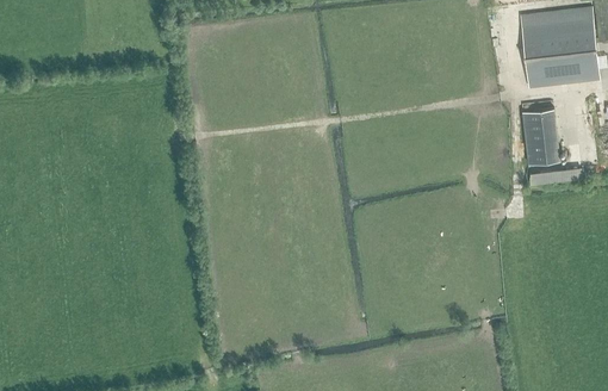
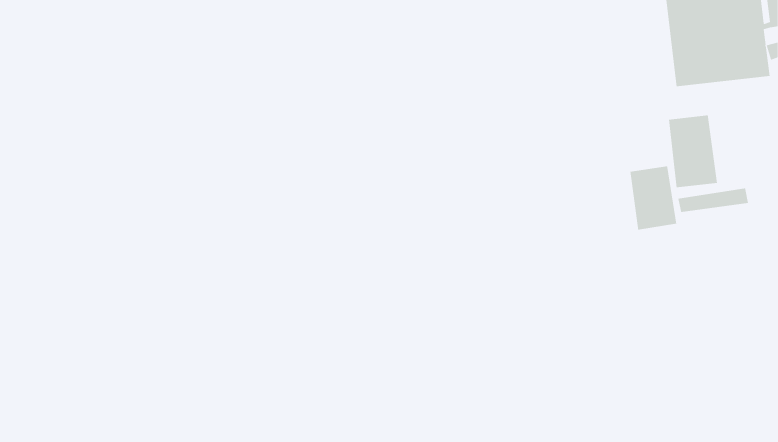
building: none -> [630,165,677,230]

